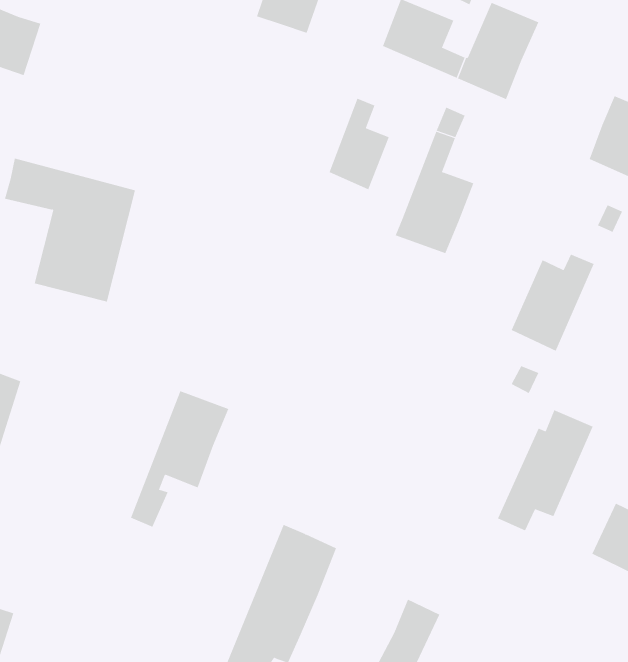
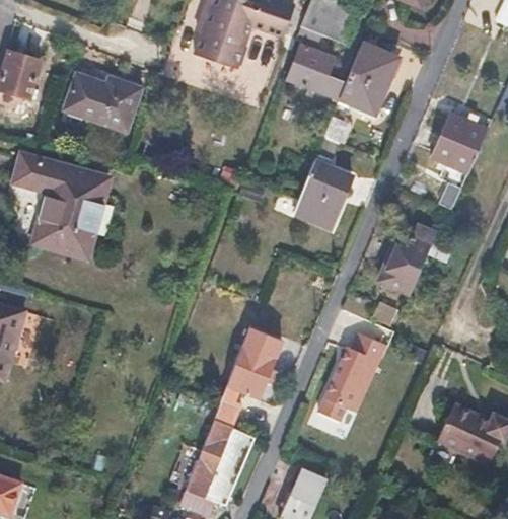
building: none -> [68,74,141,130]
building: [329,98,389,190] -> none
building: [130,390,229,528] -> [214,326,285,425]
building: [497,409,593,531] -> [318,332,387,420]

